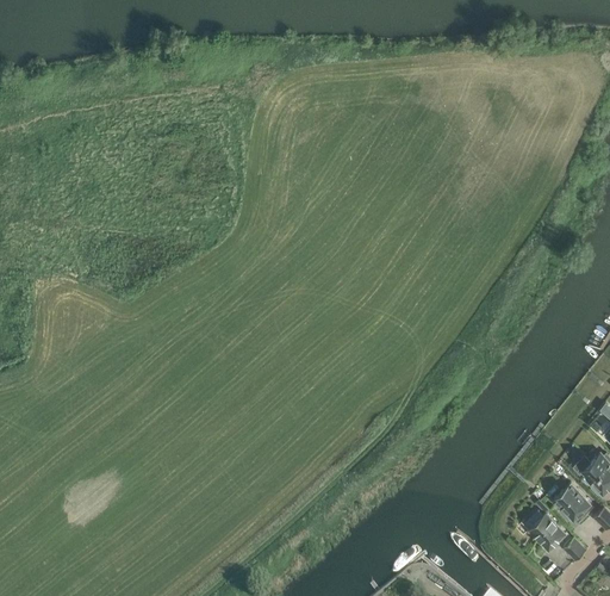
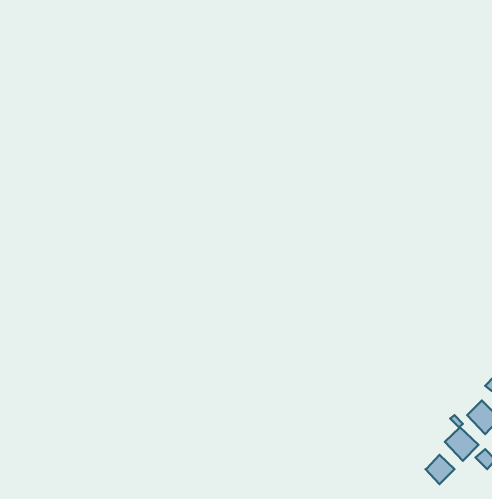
building: none -> [425,455,455,484]

